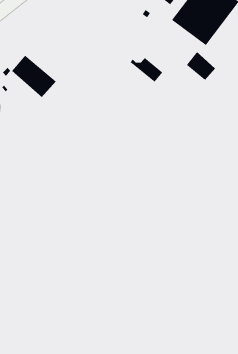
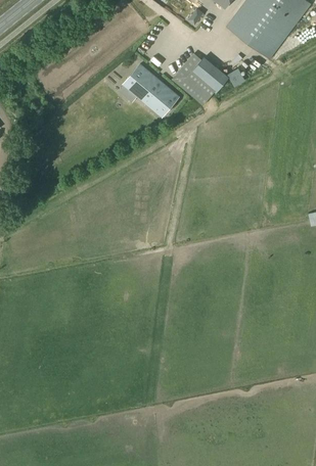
building: [186,51,216,81] -> [191,57,228,94]
building: [11,55,57,98] -> [124,64,181,119]

